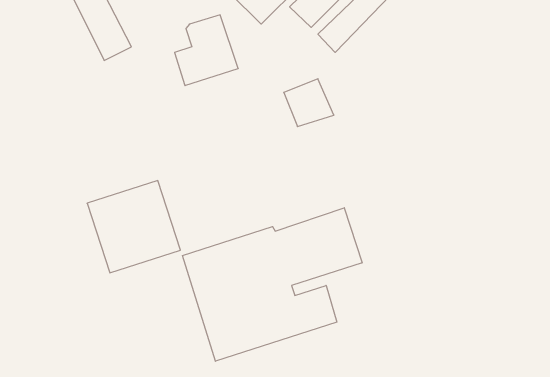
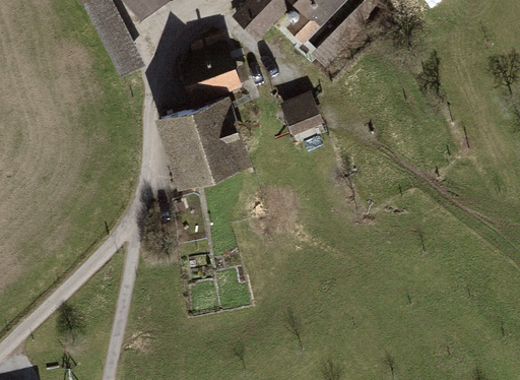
building: [87,181,180,273] -> [160,100,244,182]
building: [182,208,362,361] -> none

